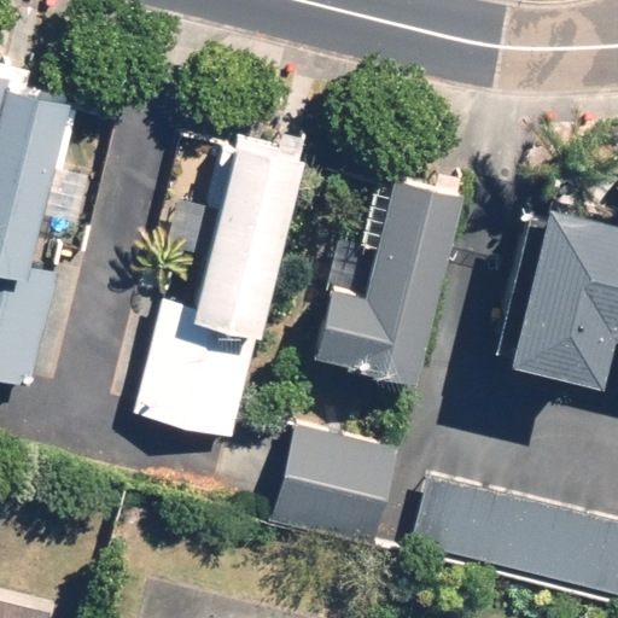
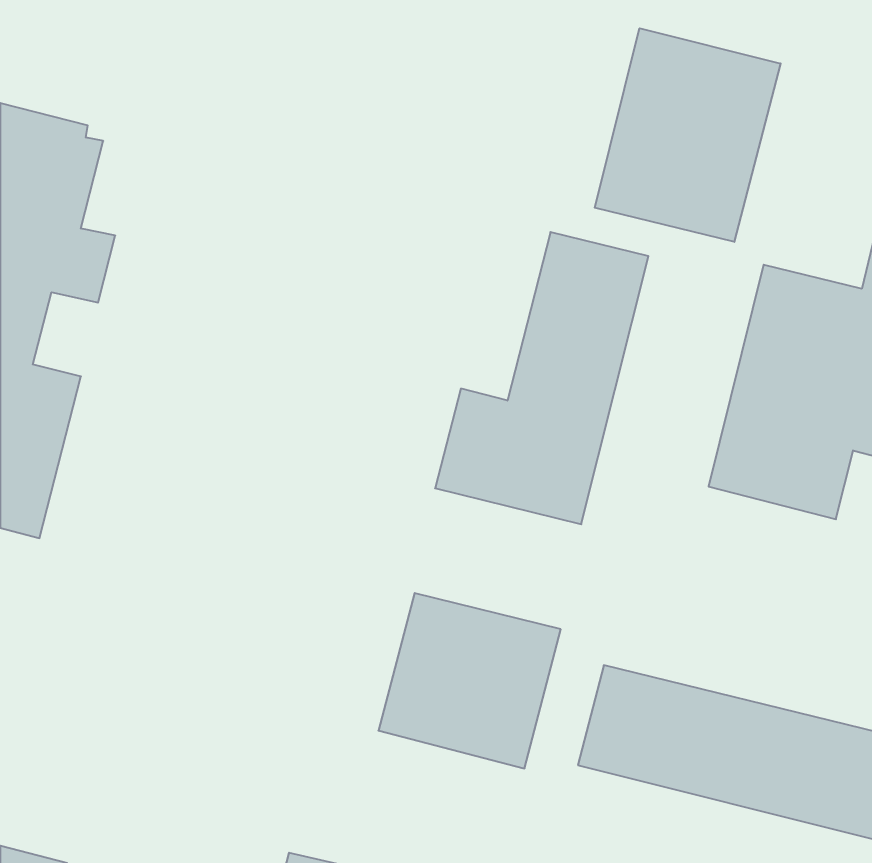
building: none -> [595,28,781,242]
building: [136,141,299,439] -> none

